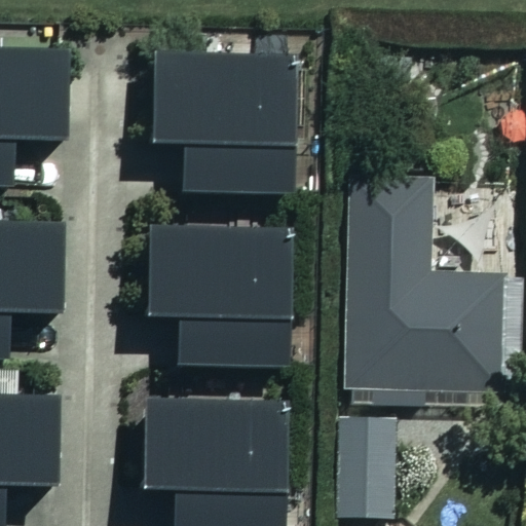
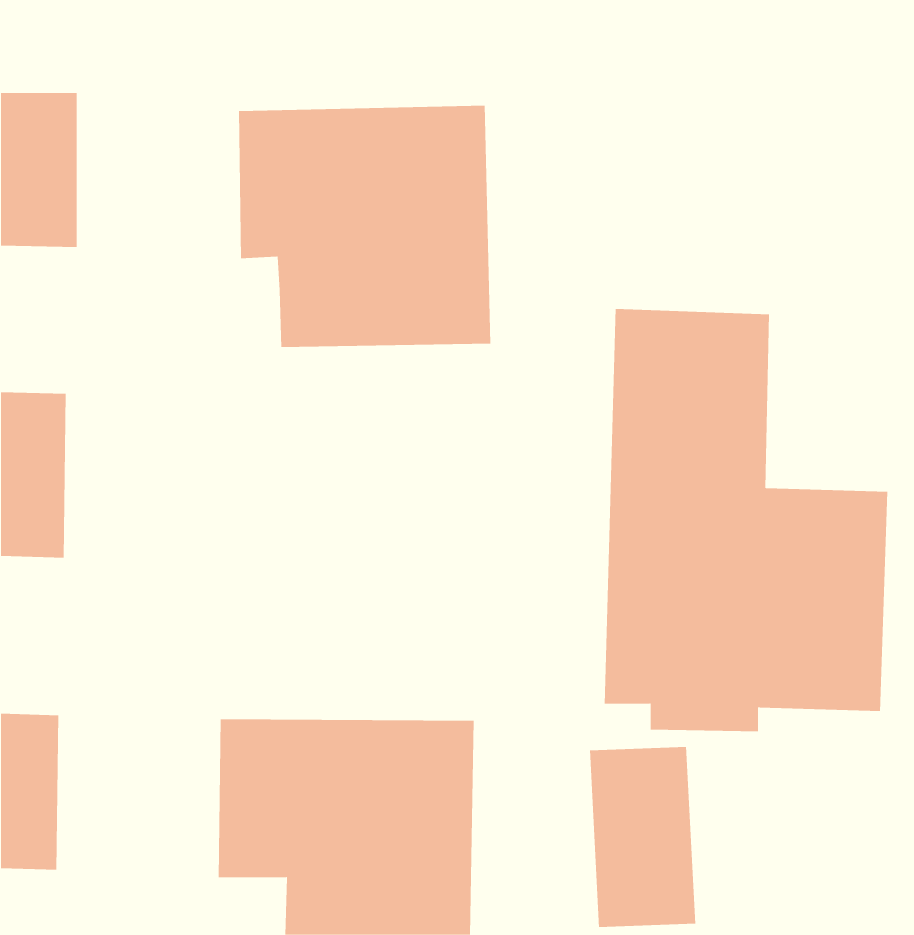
building: [145,222,280,369] -> none

